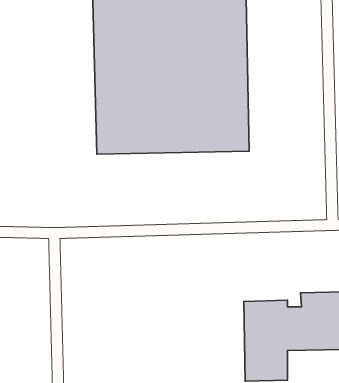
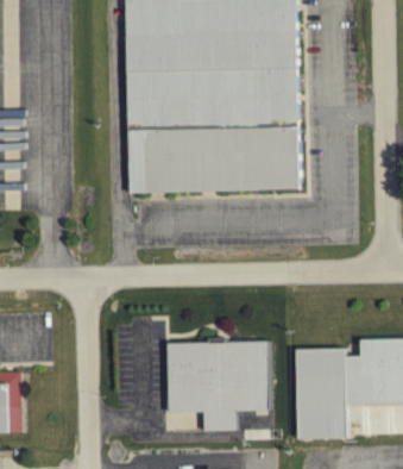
building: none -> [168,339,269,429]

